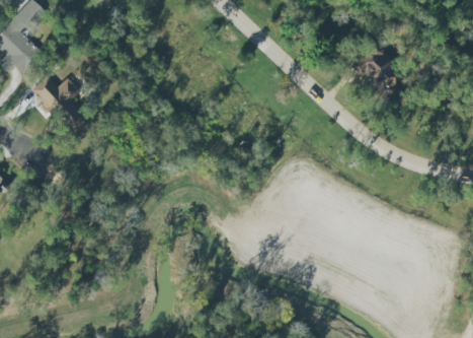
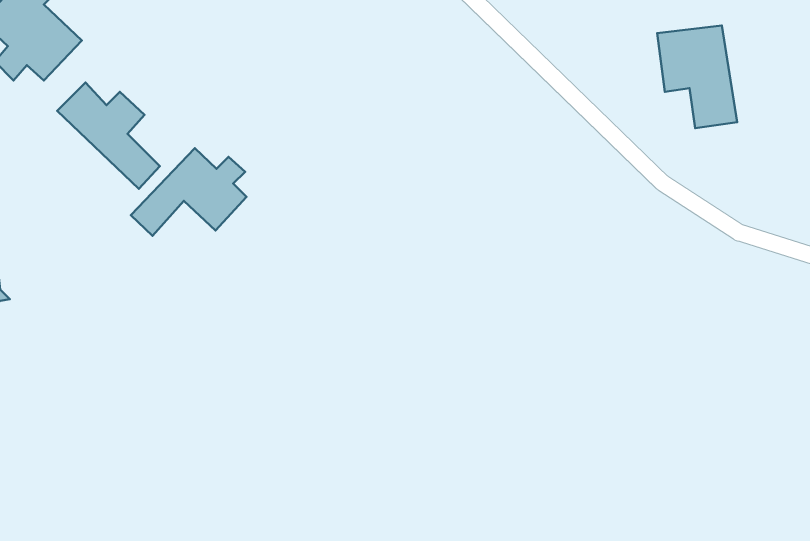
building: none -> [131,148,247,236]

